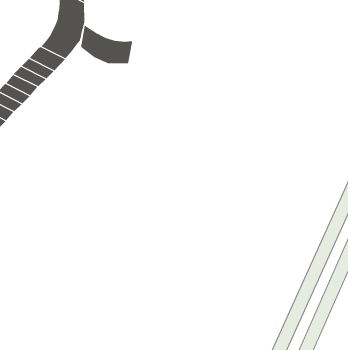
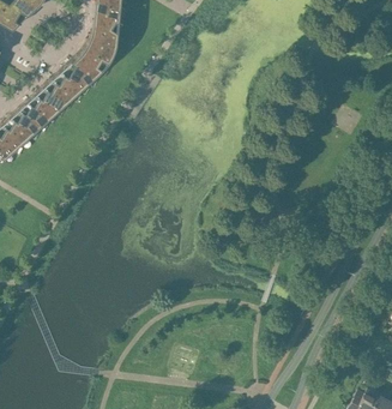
building: [80,24,133,64] -> none

